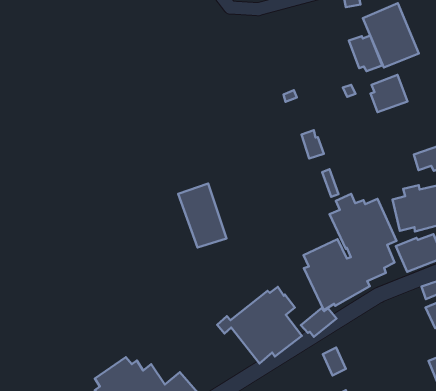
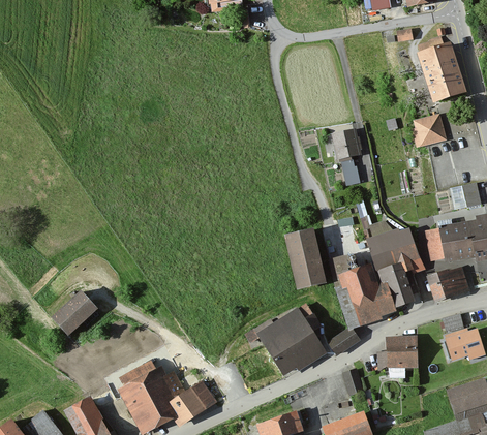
building: [349,35,382,71] -> none
building: none -> [333,125,364,157]
building: [178,183,227,248] -> [286,228,329,289]
building: none -> [54,287,99,333]
building: none -> [385,336,417,378]

